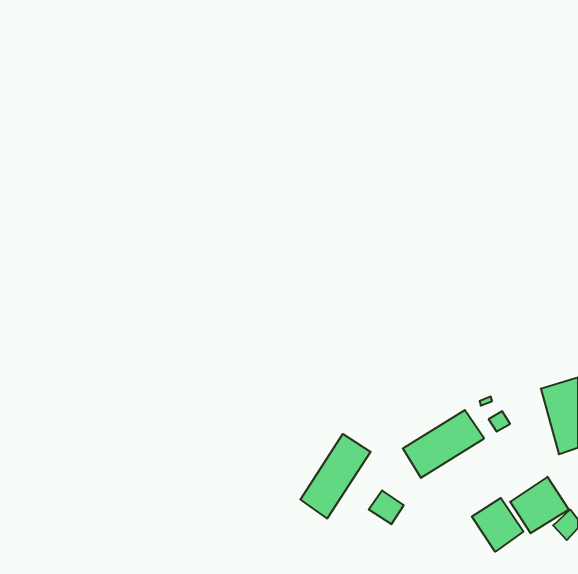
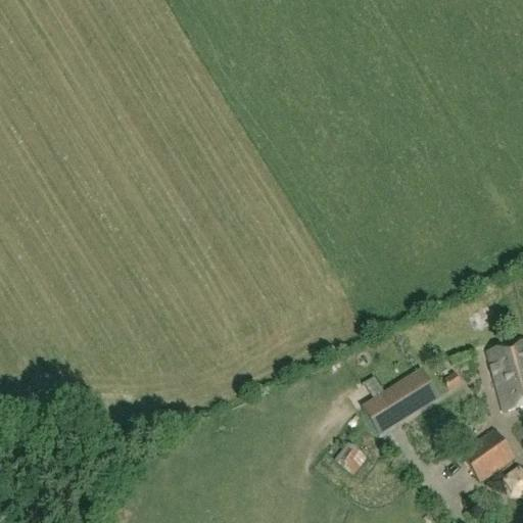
building: [300,434,371,519] -> none
building: [472,498,523,552] -> none

